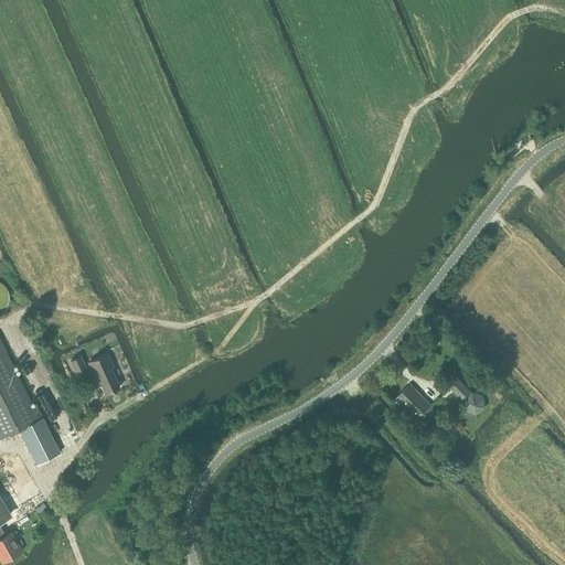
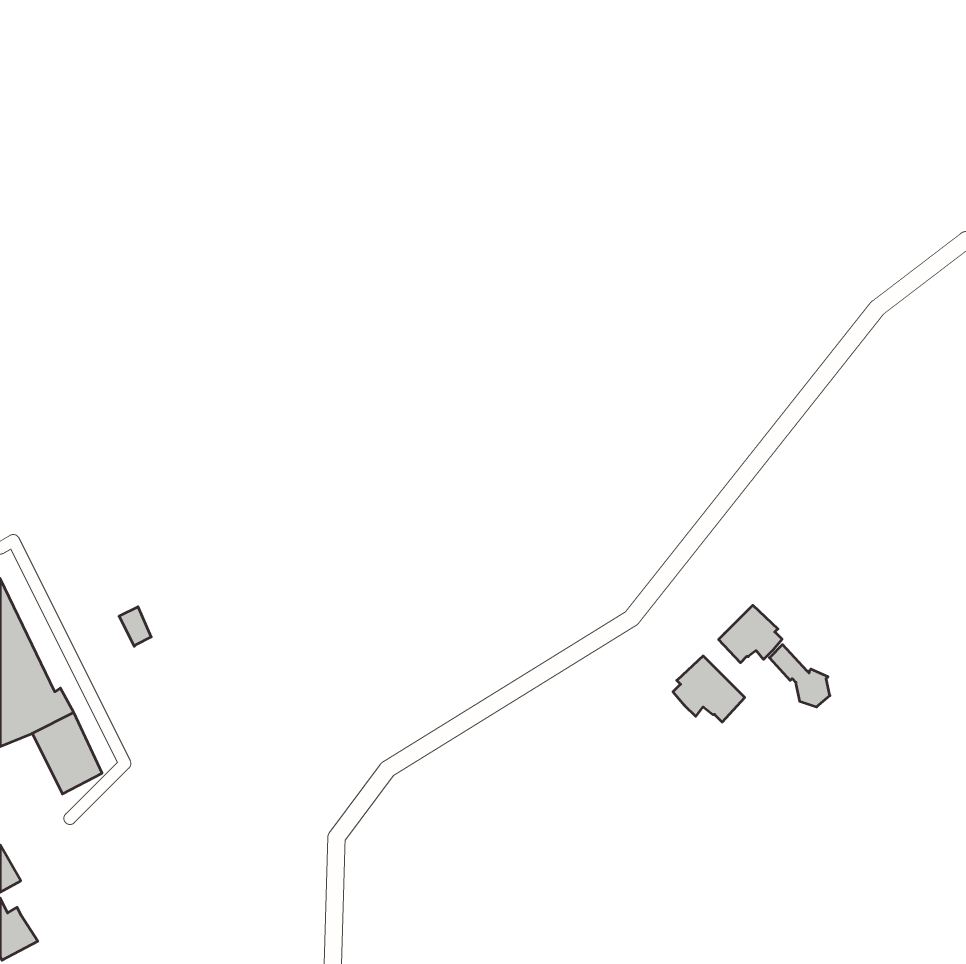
building: [87,352,119,393] -> none
building: none -> [719,605,782,663]

